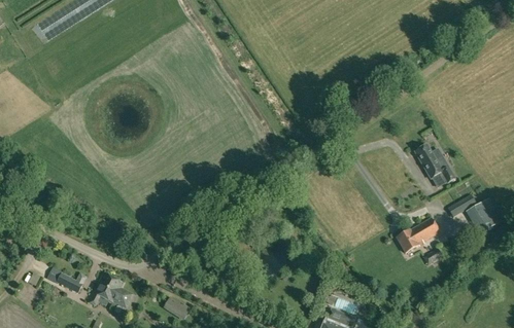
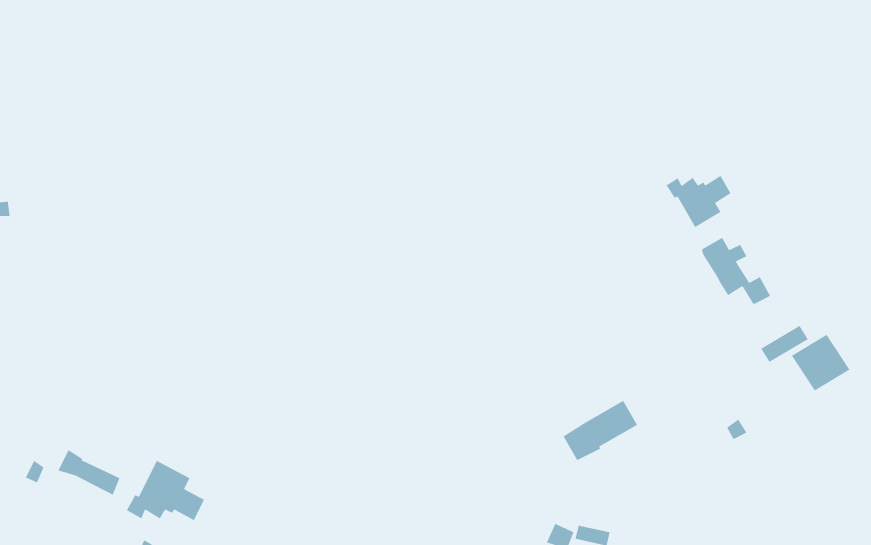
building: none -> [666,175,732,228]
building: [397,218,440,253] -> [562,400,638,461]

